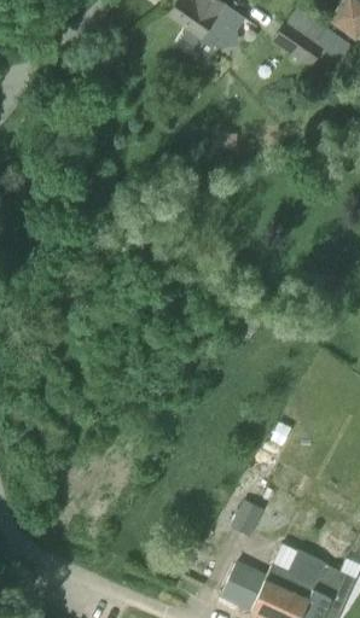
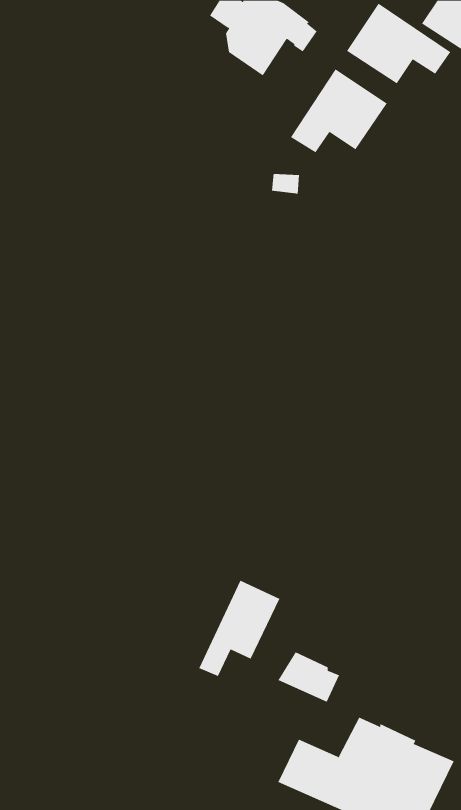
building: none -> [290,68,388,153]
building: none -> [199,580,280,677]

